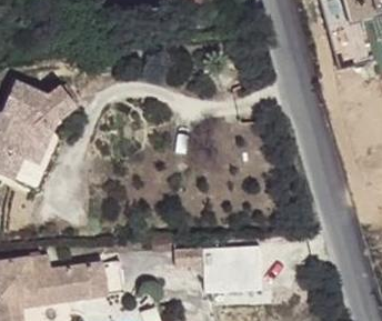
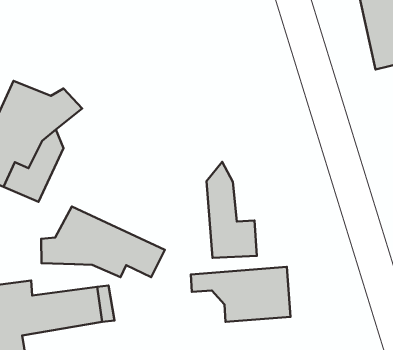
building: none -> [207,162,257,258]
building: none -> [41,207,165,277]

